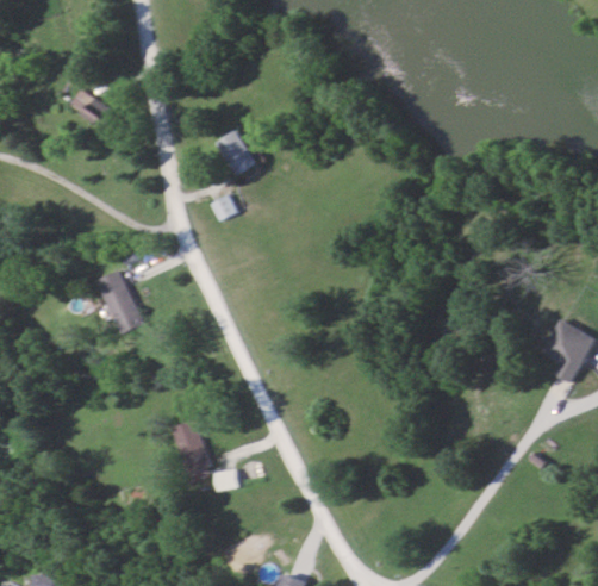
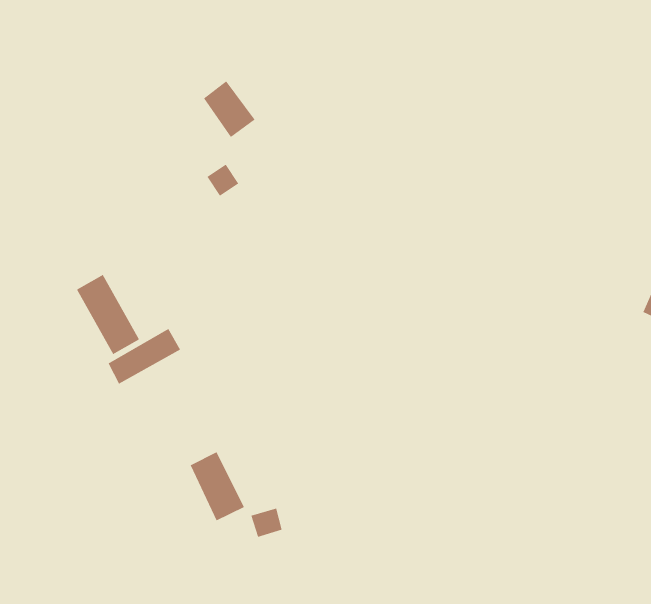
building: [69,88,120,132] -> none
building: none -> [108,328,181,384]

